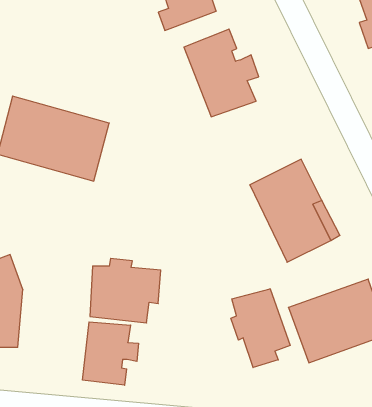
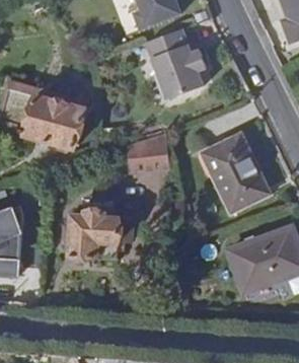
building: none -> [130,129,172,169]
building: [231,289,290,368] -> none
building: [83,322,138,385] -> none

